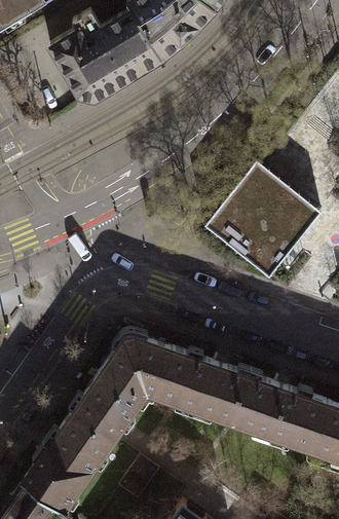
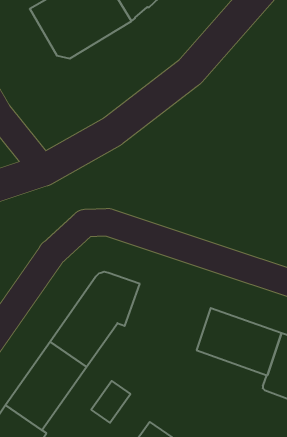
building: [204,161,323,279] -> none
building: [155,348,250,421] -> none

